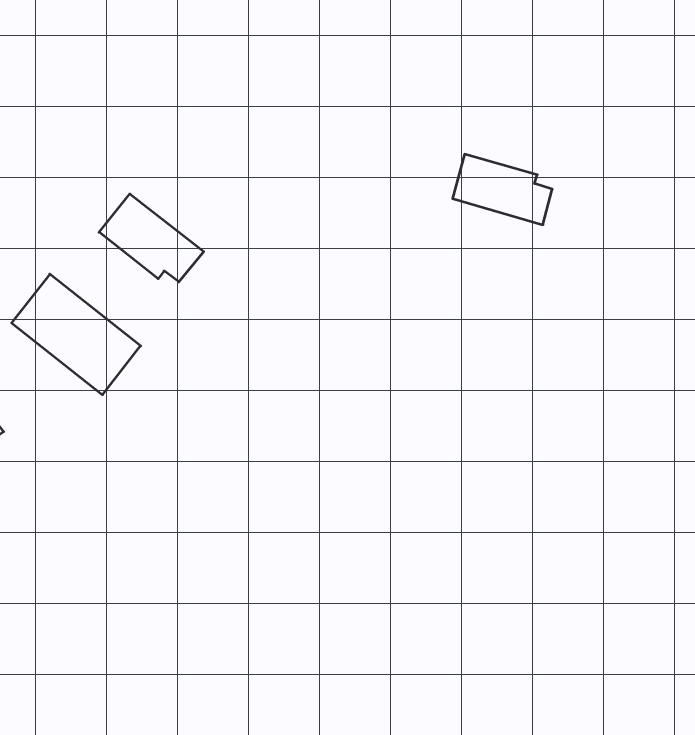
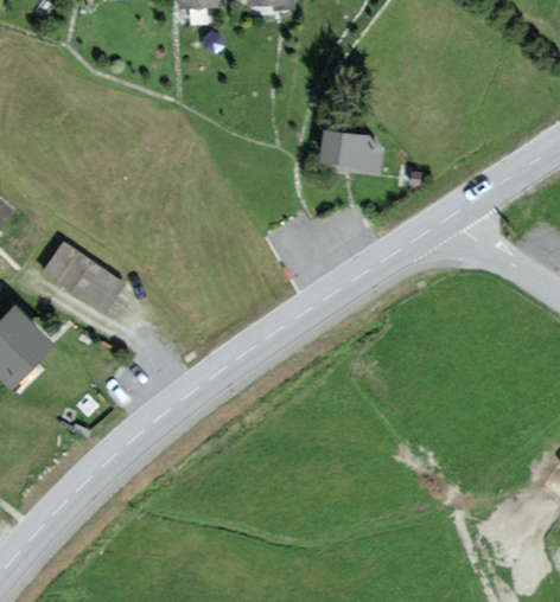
building: [99,194,204,282] -> none

